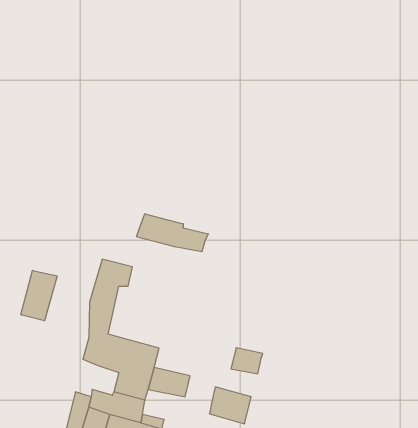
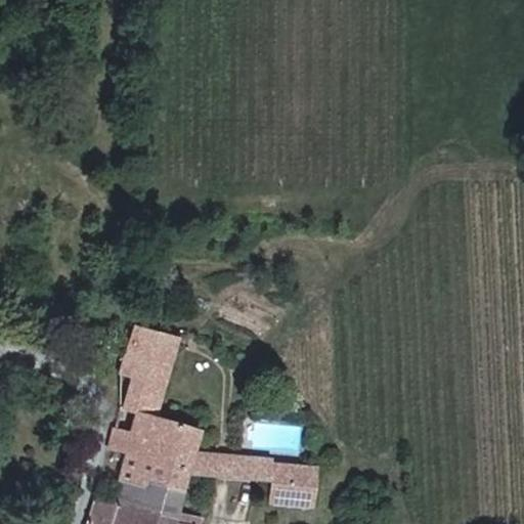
building: [137,214,208,252] -> none
building: [21,270,57,321] -> none
building: [231,348,263,374] -> [238,460,277,491]

